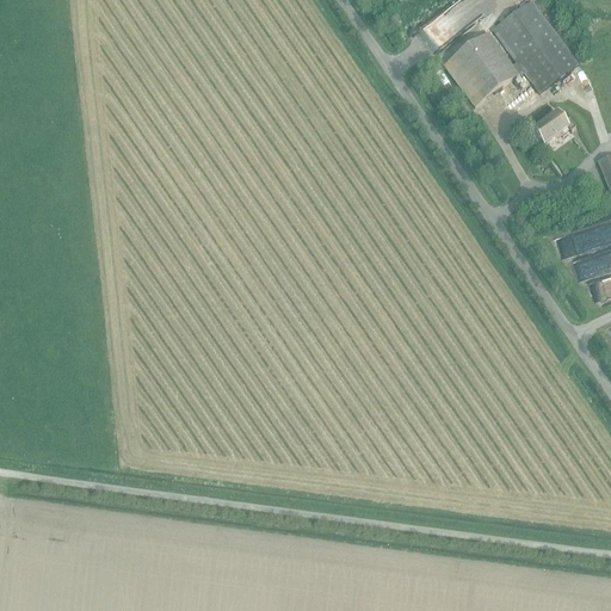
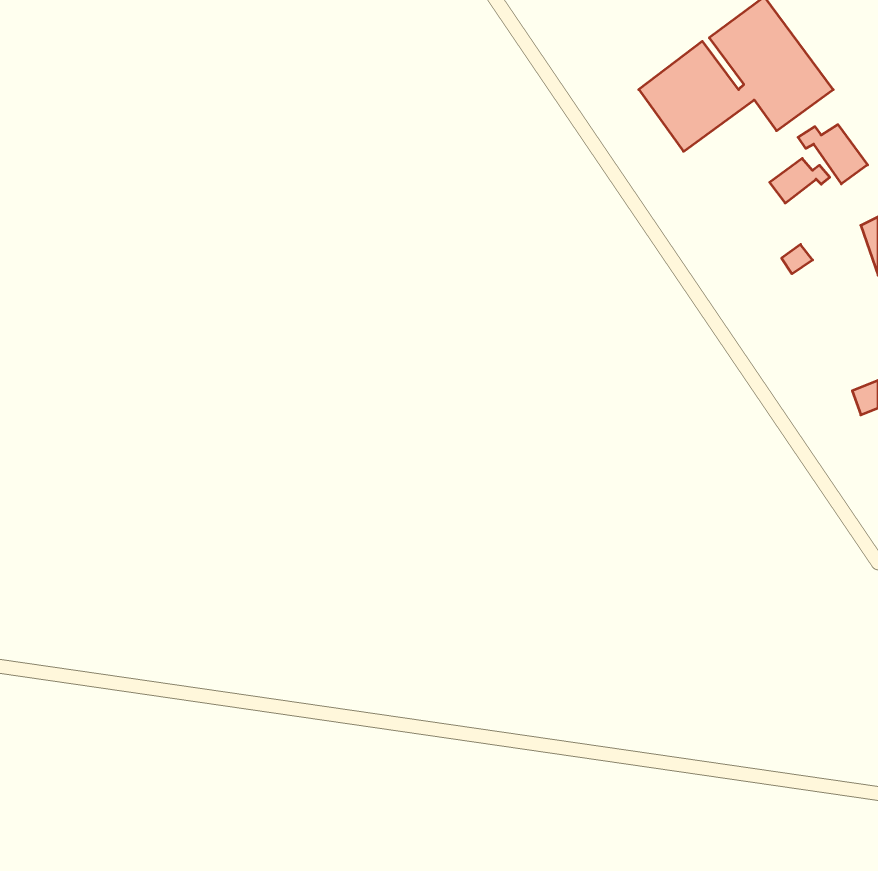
building: none -> [798,125,868,184]

